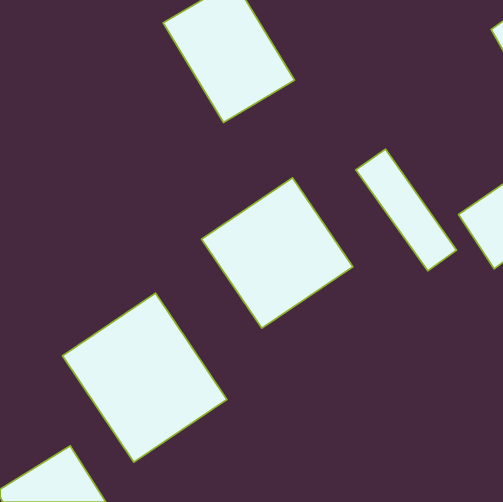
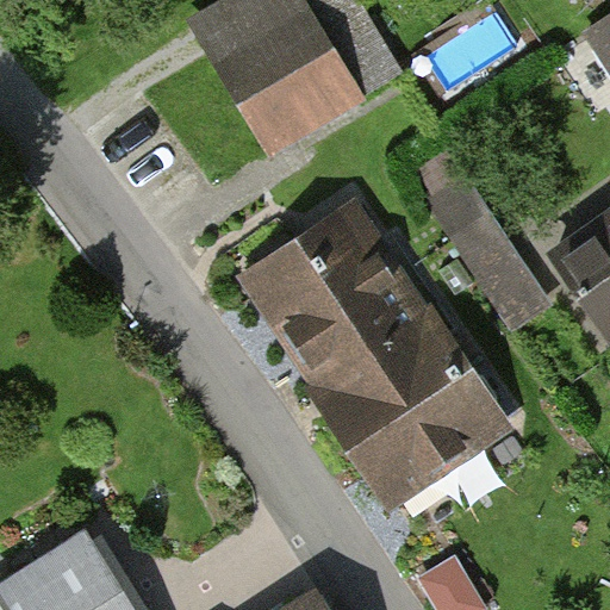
building: none -> [318,322,500,503]
building: [63,293,227,462] -> none

